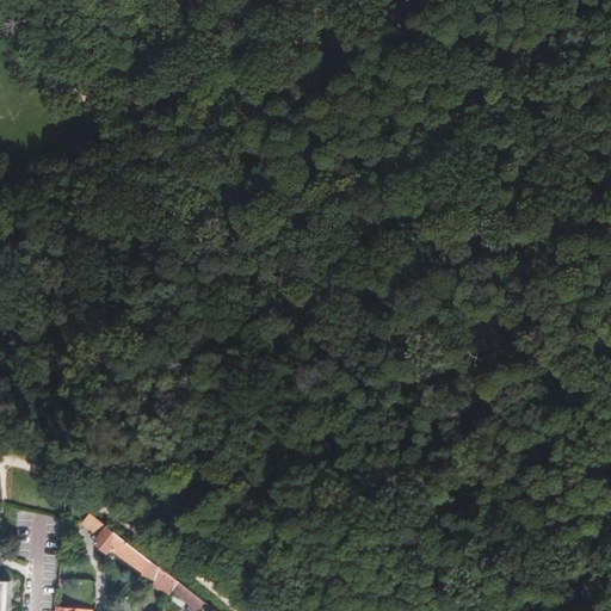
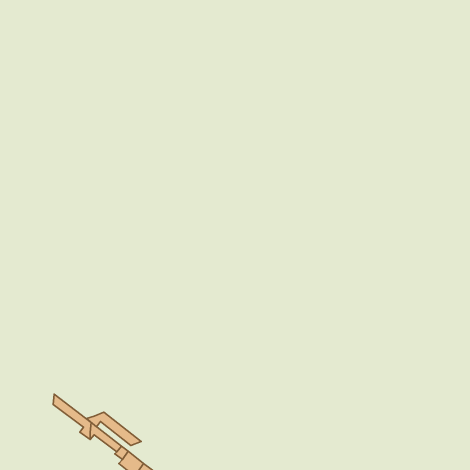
building: none -> [86,412,141,446]

